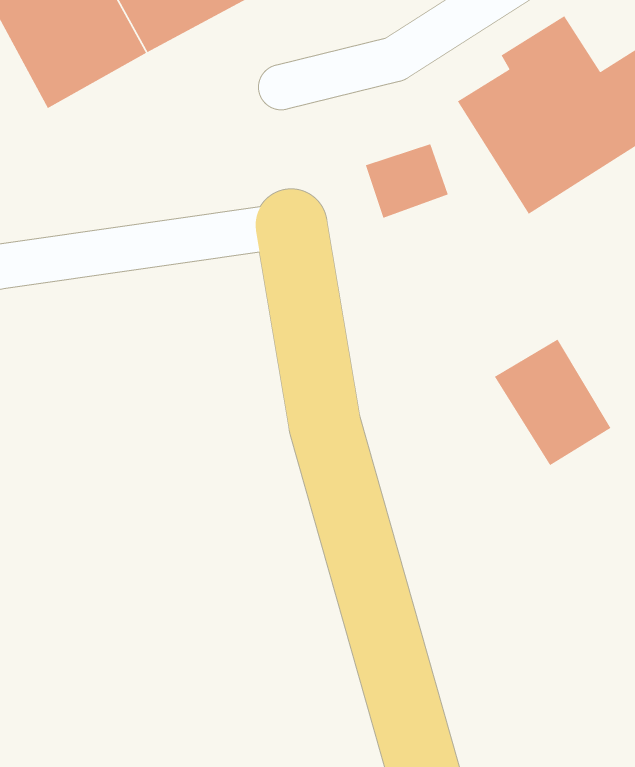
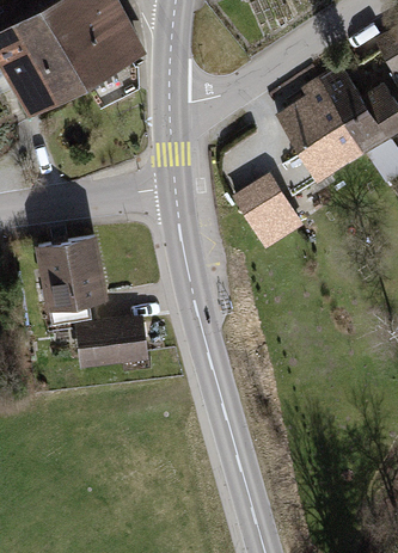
building: none -> [38,236,103,305]
building: [494,338,612,466] -> [232,173,302,250]
building: none -> [79,322,145,364]

